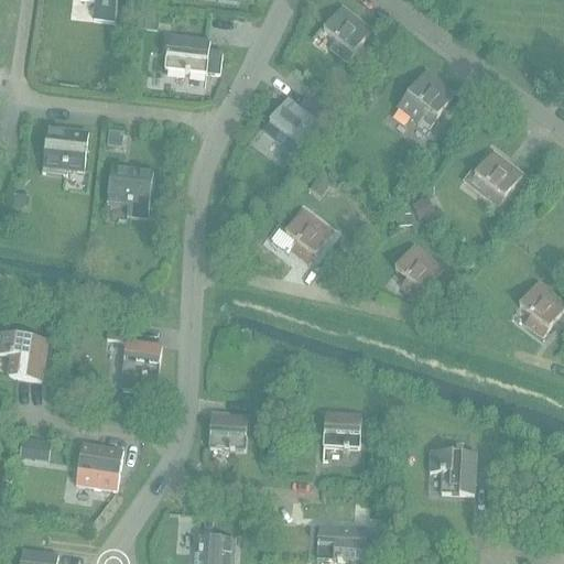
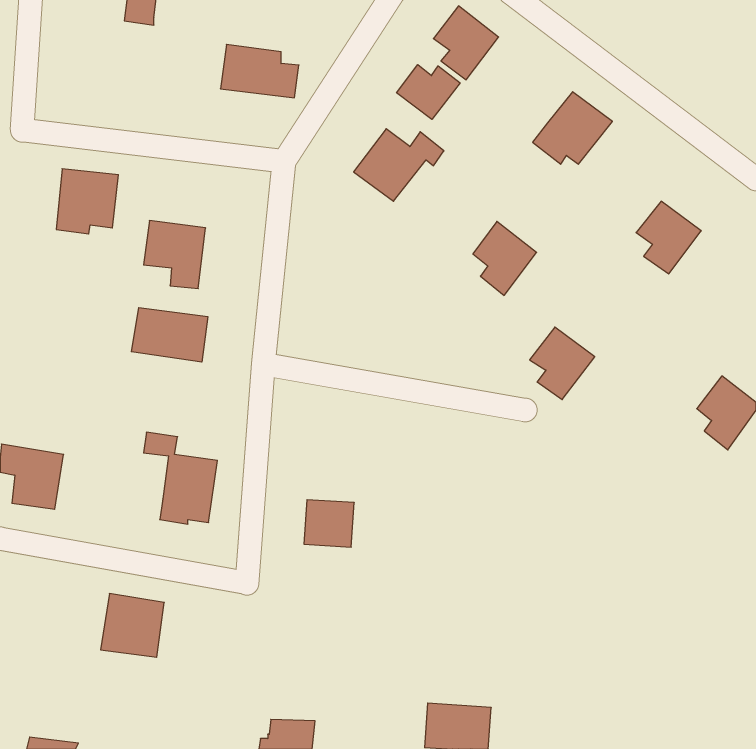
building: none -> [397,65,460,119]
building: [285,207,333,262] -> [473,221,537,295]
building: none -> [131,308,208,362]
building: [323,411,361,446] -> none
building: [209,413,247,448] -> [304,500,354,547]
building: [429,448,476,494] -> none

